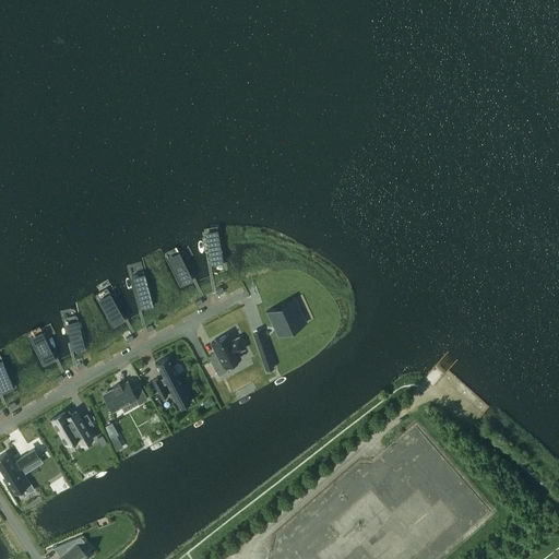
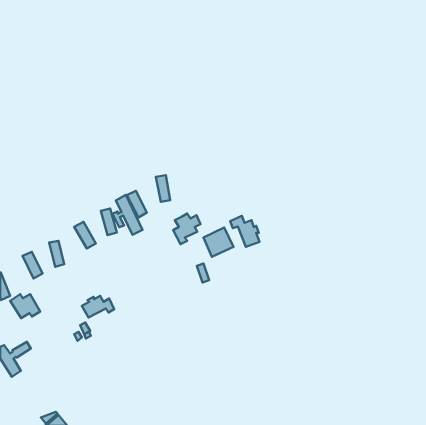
building: none -> [230,216,260,247]
building: [209,335,245,376] -> [173,213,201,244]
building: [152,356,191,408] -> [112,195,142,235]
building: [50,411,90,442] -> [10,294,40,318]

